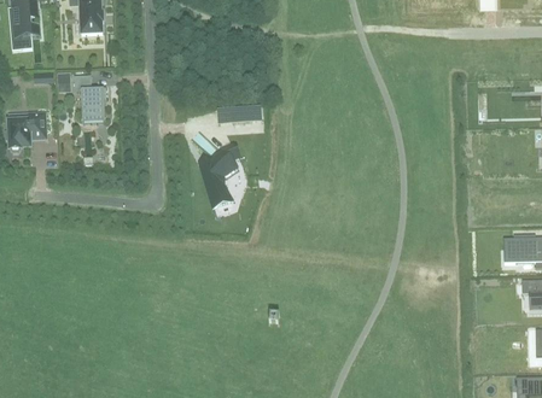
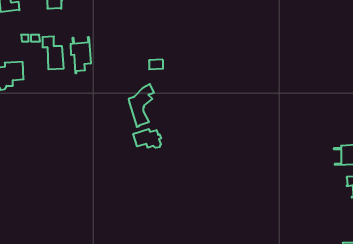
building: none -> [71,37,91,73]
building: none -> [133,129,161,148]

